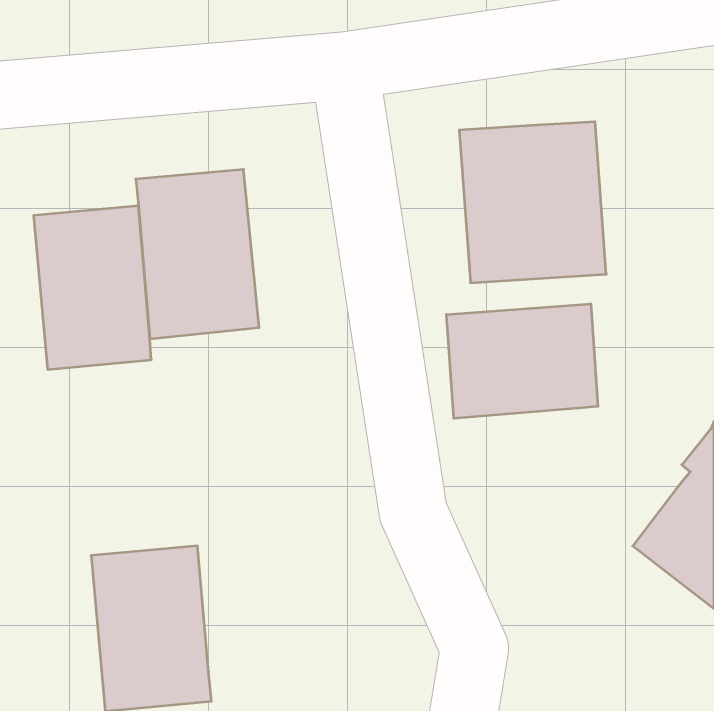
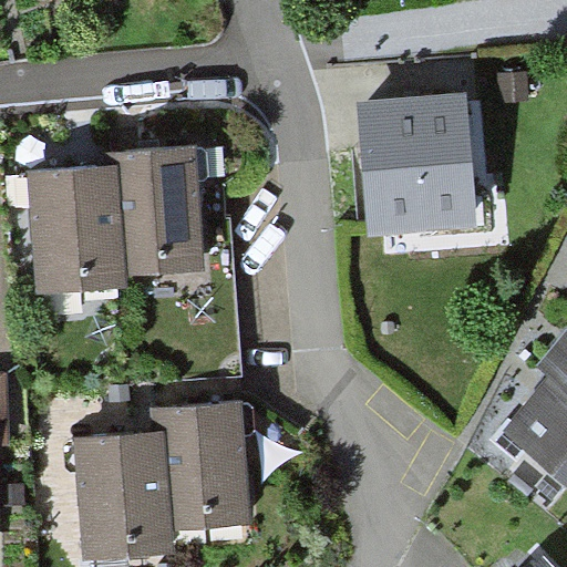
building: [446,304,598,418] -> none
building: none -> [154,400,251,535]

